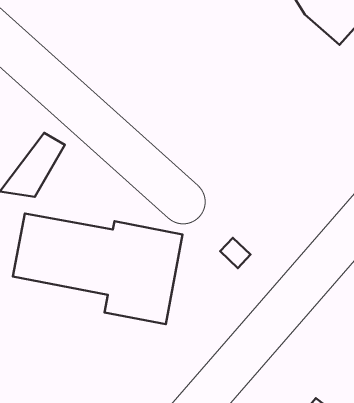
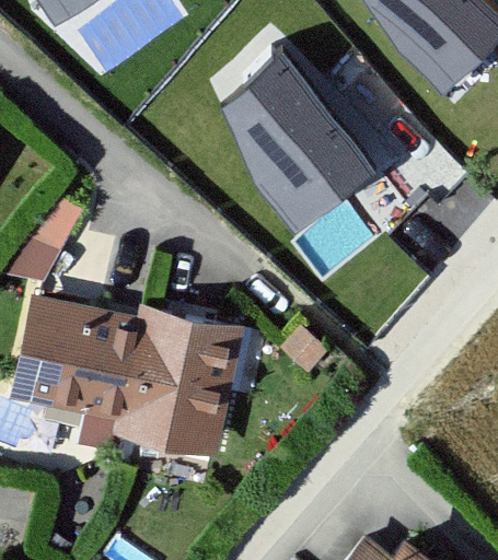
building: none -> [219,39,374,229]

